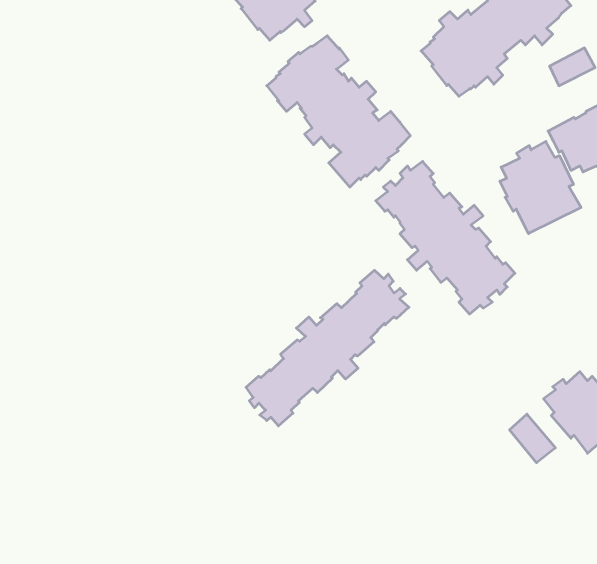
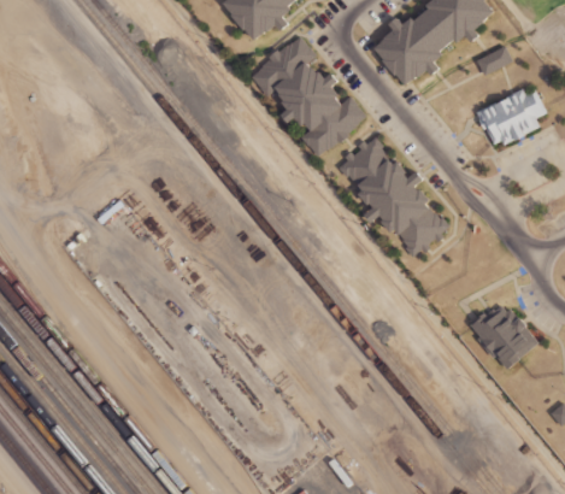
building: [500,141,581,234] -> none
building: [246,270,409,426] -> none
building: [510,414,555,463] -> none

